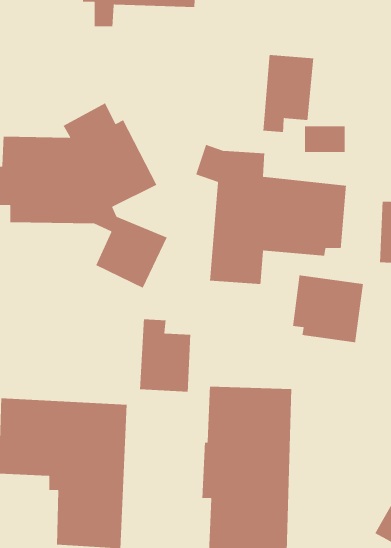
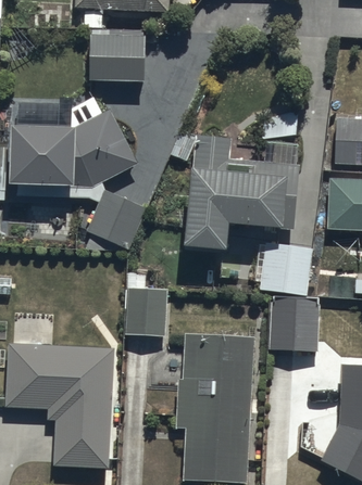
building: none -> [89,34,145,81]
building: [262,54,314,133] -> none
building: none -> [267,295,317,350]

